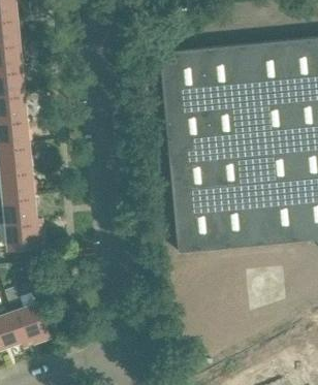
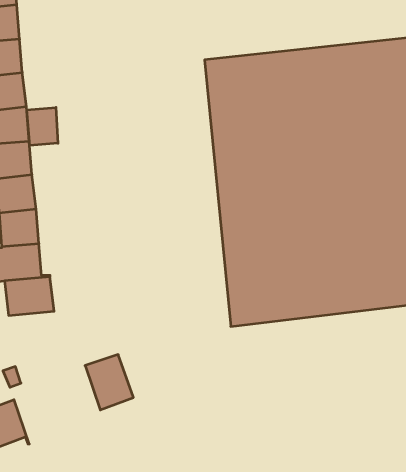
building: none -> [27,107,58,145]
building: [13,302,50,344] -> [85,355,133,410]

